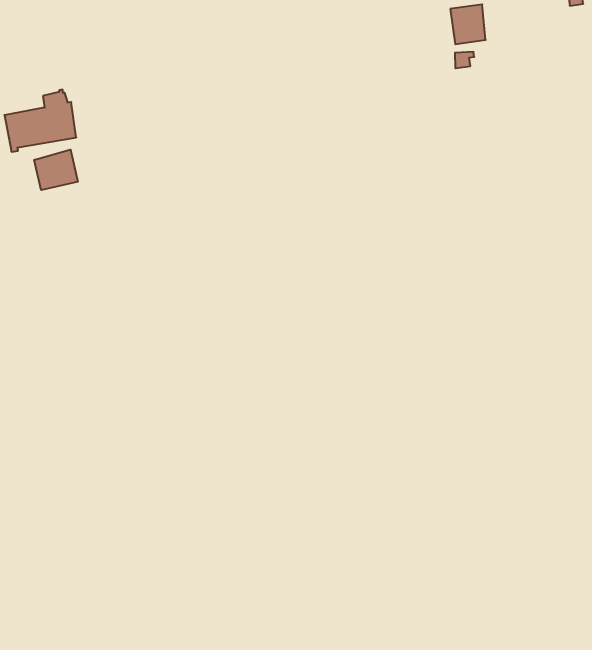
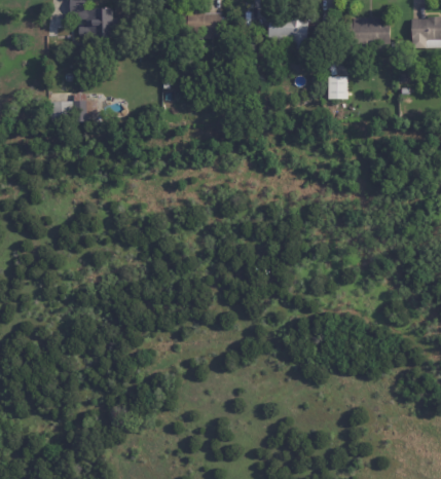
building: [34,150,78,190] -> none

